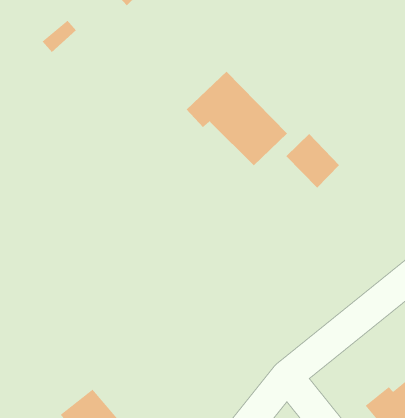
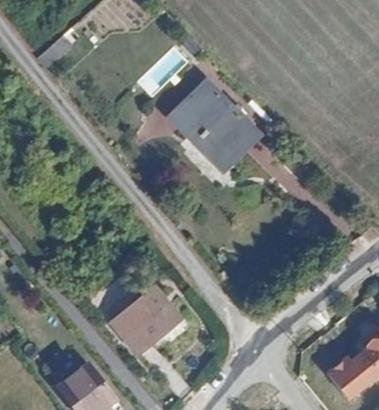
building: [286,133,340,188] -> none
building: none -> [115,294,180,357]

